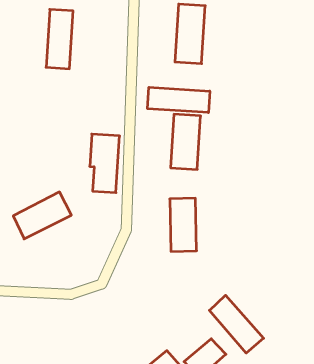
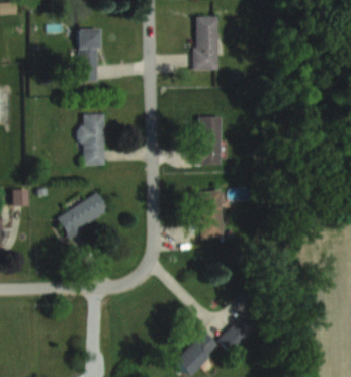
building: [148,87,210,113] -> none
building: [90,134,120,193] -> [79,113,104,165]
building: [209,295,264,353] -> none

